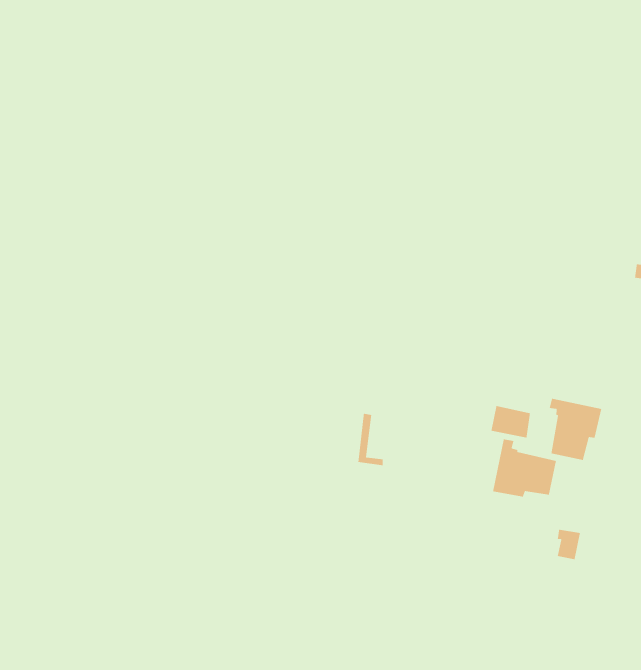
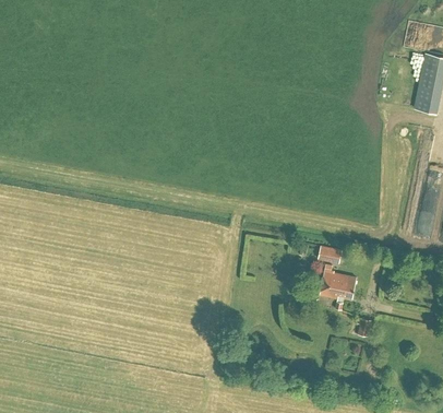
building: [549,398,602,461] -> none

